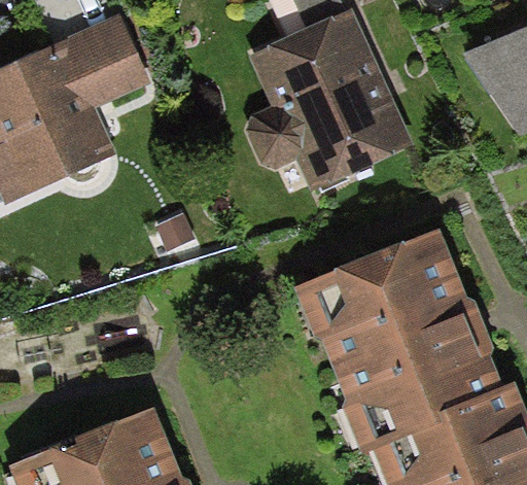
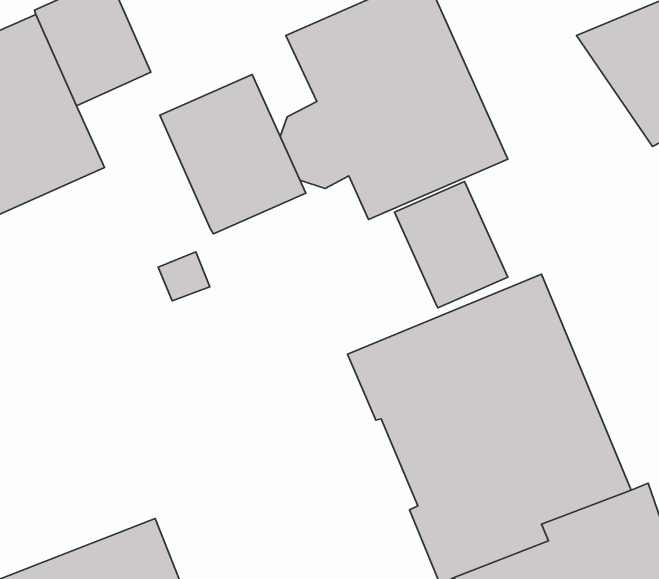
building: none -> [160,74,306,234]
building: none -> [395,181,508,308]

